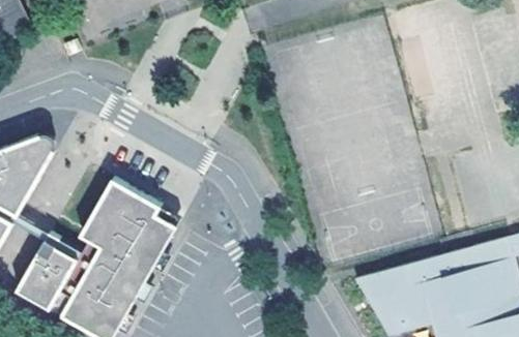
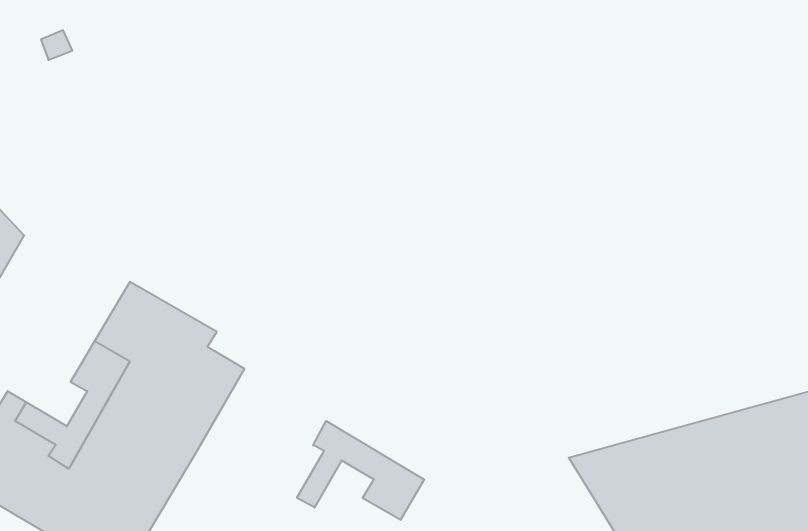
building: none -> [297,421,424,520]

